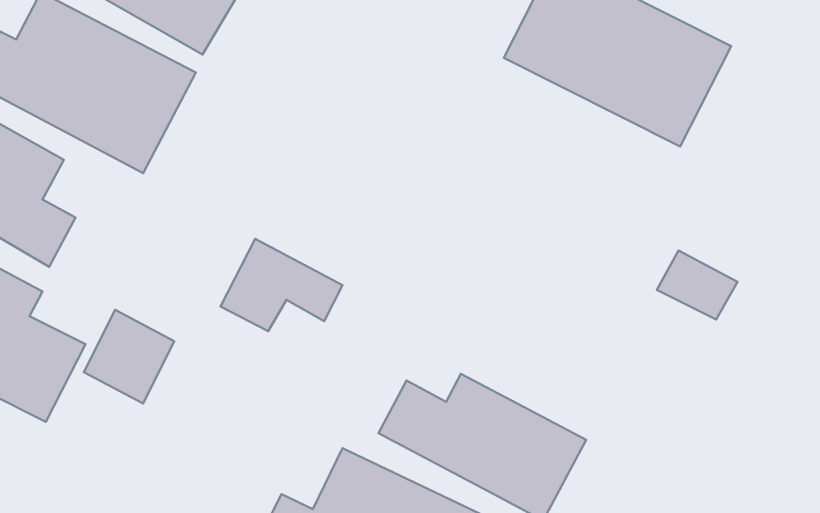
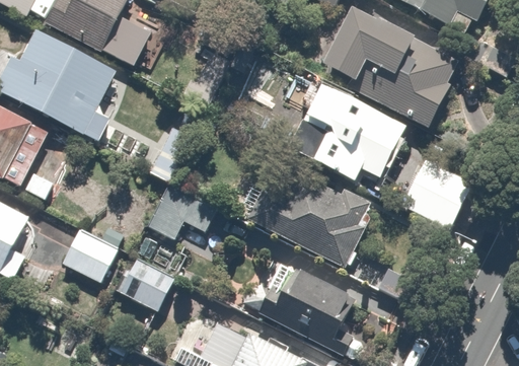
building: none -> [300,76,418,185]
building: none -> [242,169,377,269]
building: none -> [116,258,174,311]

